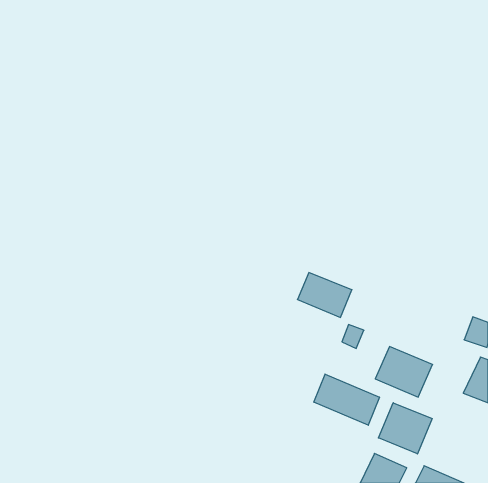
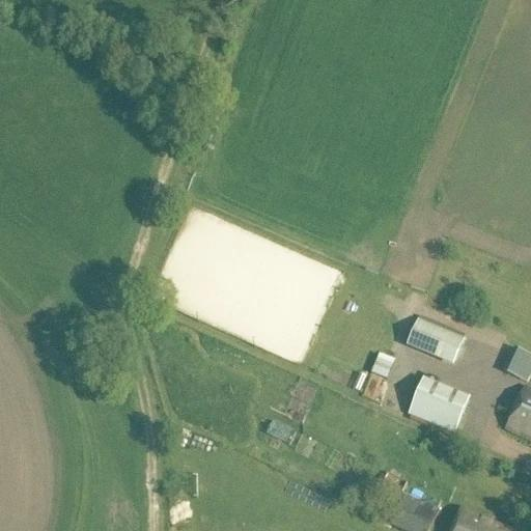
building: [297,273,352,317] -> [406,317,465,366]
building: [314,374,379,425] -> none
building: [378,403,432,454] -> none

